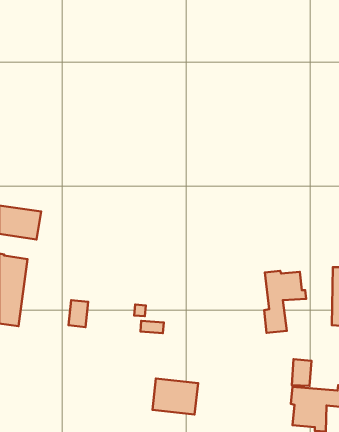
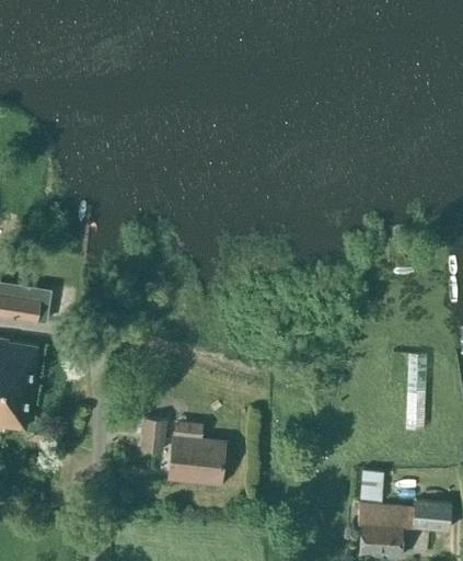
building: [264,271,306,333] -> none
building: [68,300,88,327] -> [140,419,164,451]
building: [152,379,198,414] -> [167,438,223,482]

